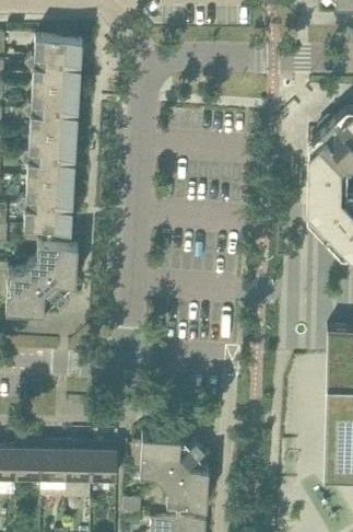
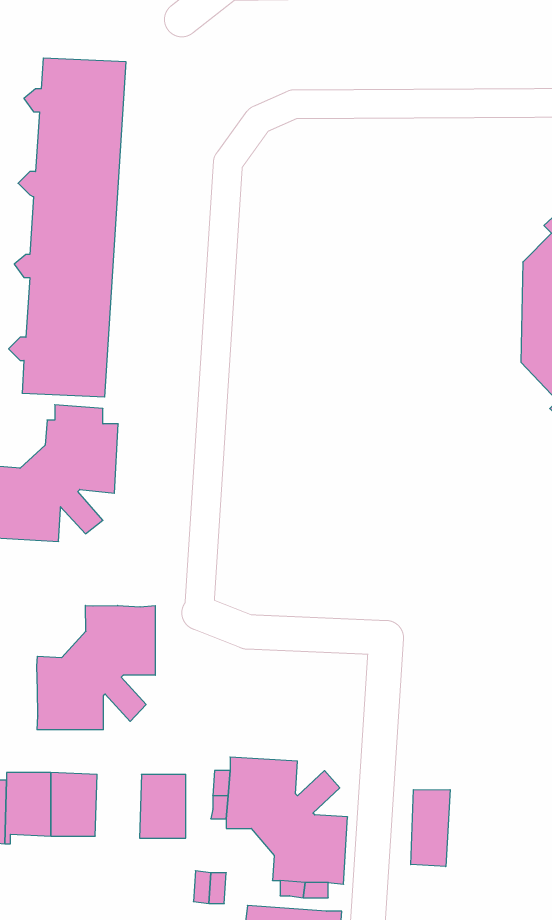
building: none -> [37,605,155,730]
building: [66,446,92,482] -> none
building: none -> [411,790,450,867]

